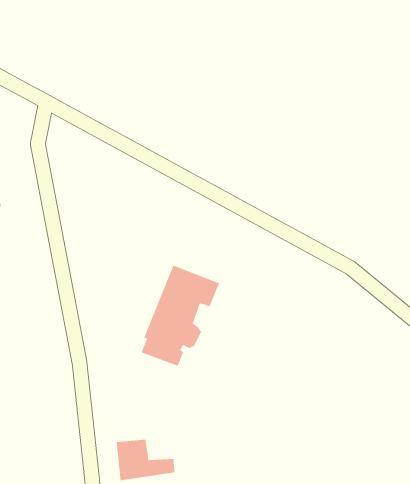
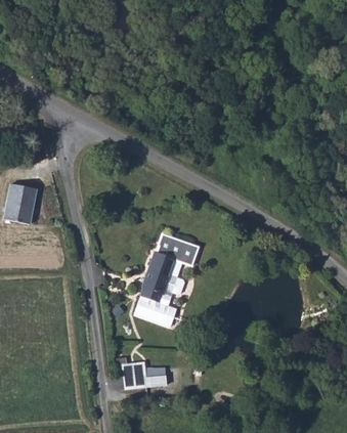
building: none -> [134,297,174,327]

